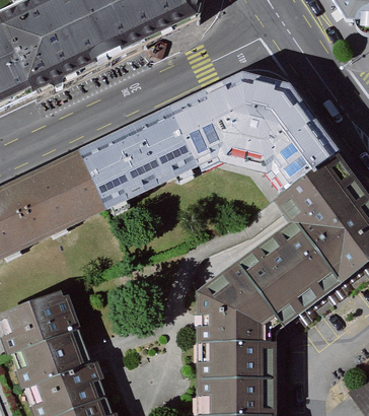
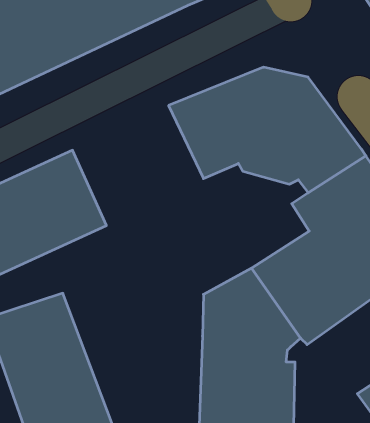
building: [72,110,194,221] -> none

